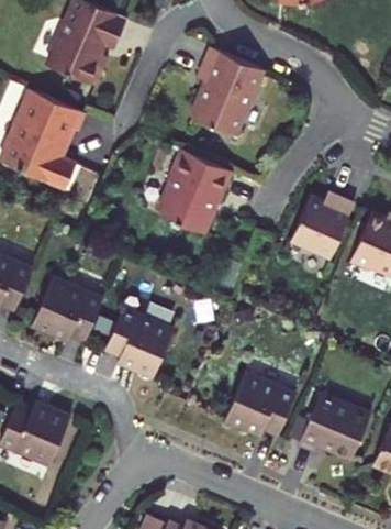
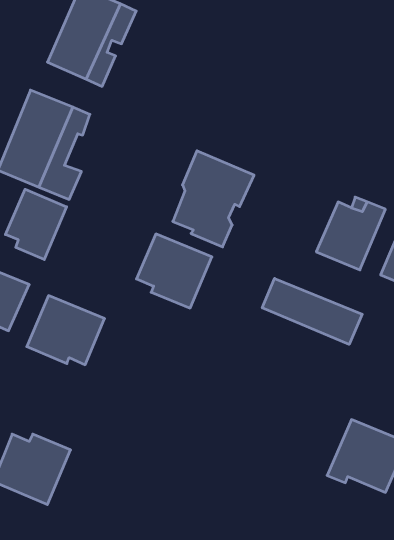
building: [193,48,267,137] -> none
building: none -> [5,189,67,260]
building: none -> [262,278,362,344]
building: [103,310,171,377] -> [136,234,212,308]
building: [226,370,297,432] -> none

